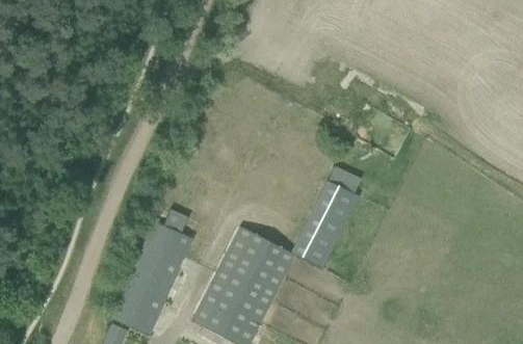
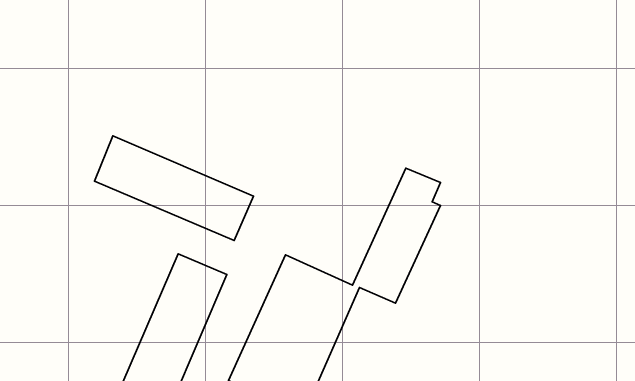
building: none -> [94,136,254,241]

